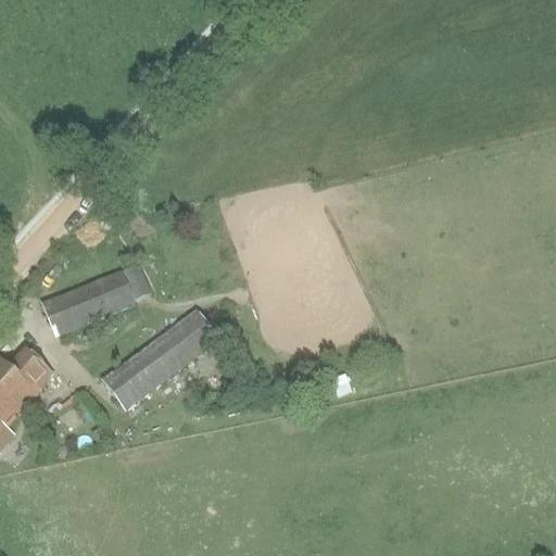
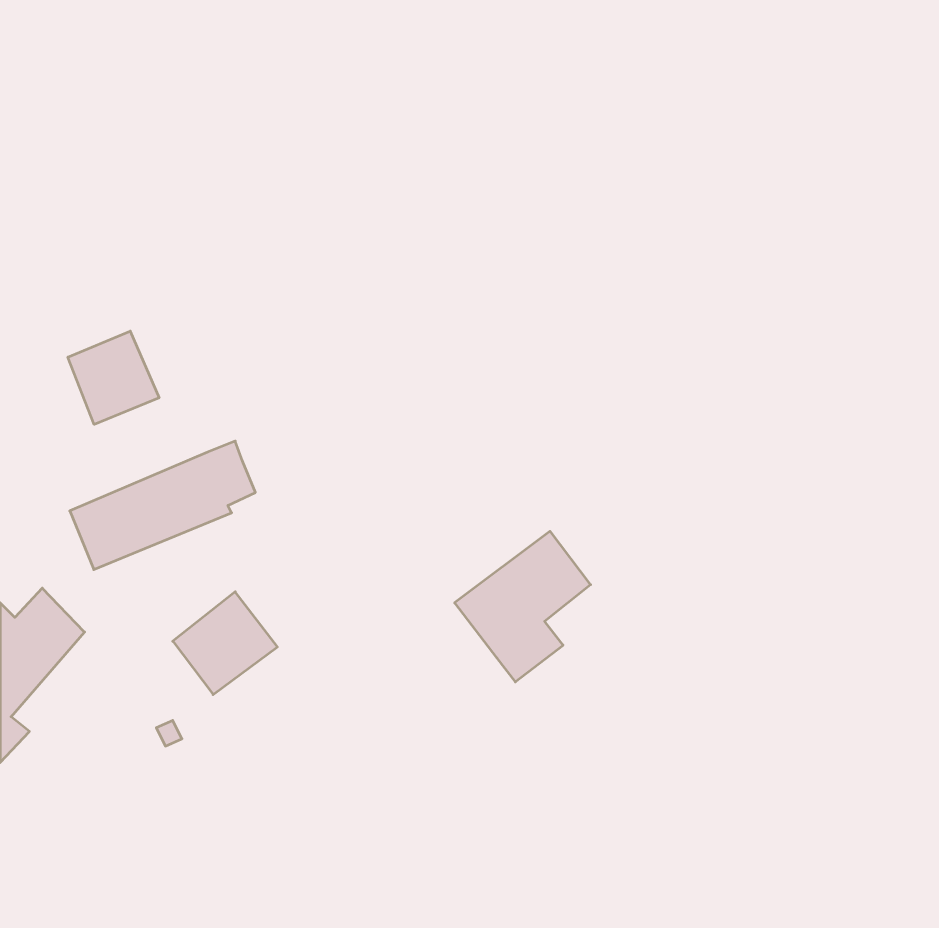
building: none -> [68,331,159,424]
building: [139,307,219,396] -> [455,531,591,682]

